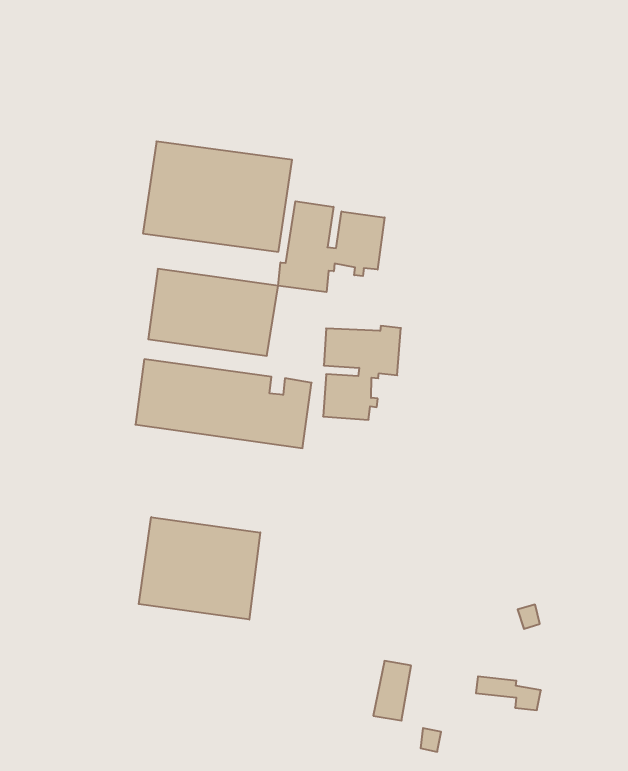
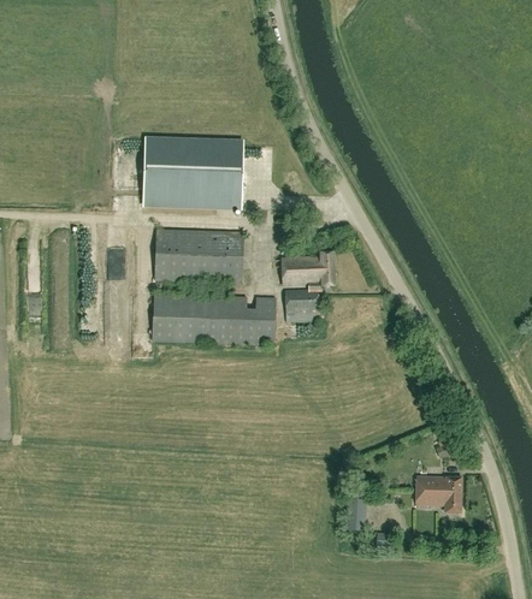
building: [278,201,385,292] -> none
building: [139,517,260,620] -> none
building: none -> [415,475,461,497]

